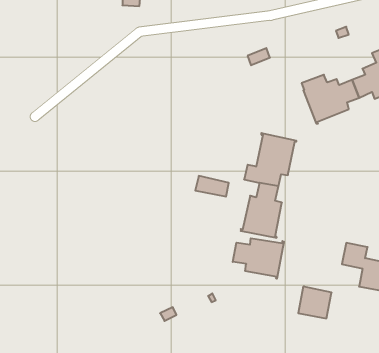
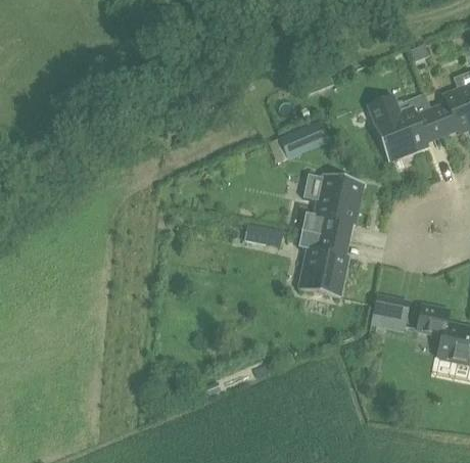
building: none -> [278,122,324,159]
building: [233,238,284,279] -> none
building: [298,287,332,318] -> [371,294,411,332]

